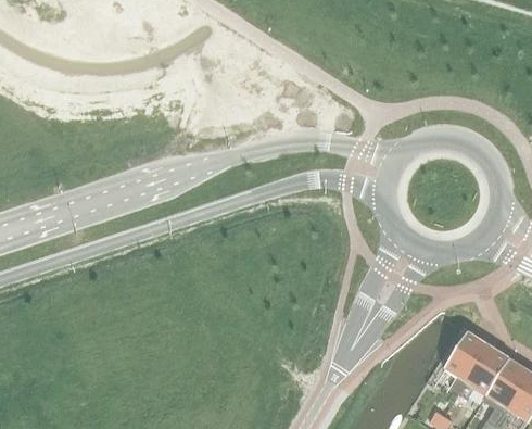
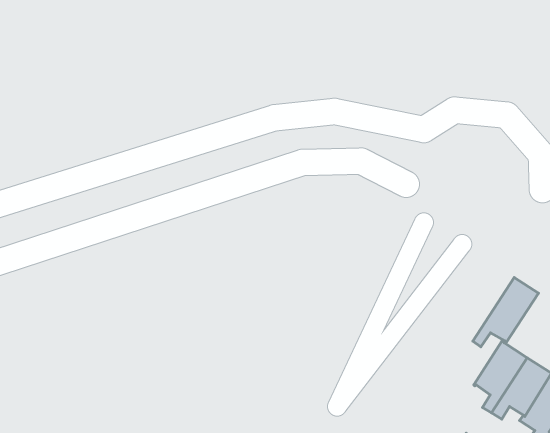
building: none -> [473,277,538,347]

